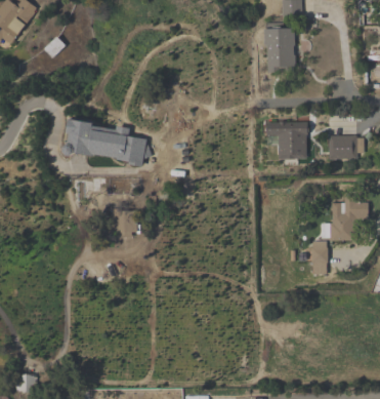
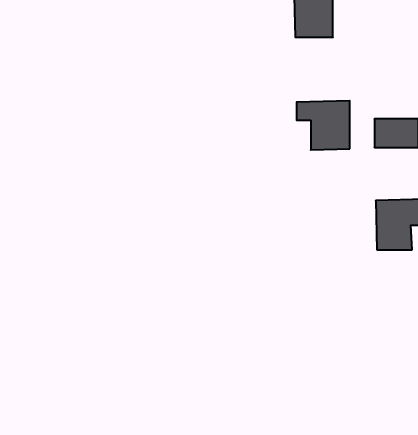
building: [66,120,144,155] -> none
building: [311,240,328,274] -> none

